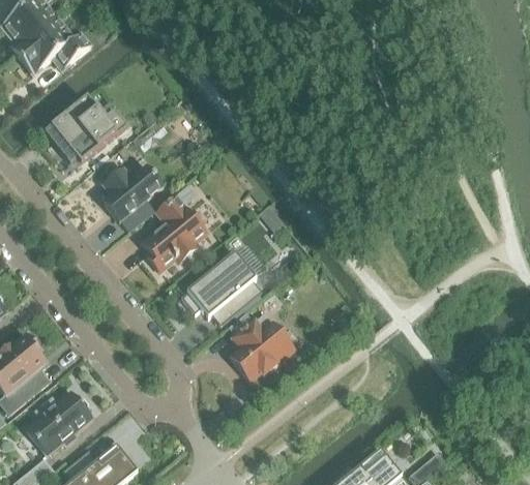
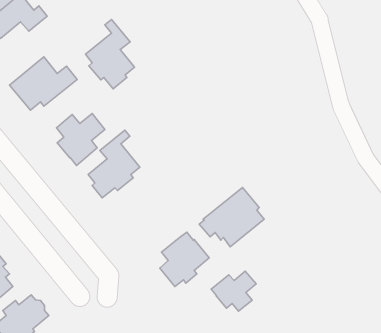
building: none -> [85,19,134,89]
building: [181,252,262,326] -> [199,188,264,247]
building: none -> [211,271,256,311]

